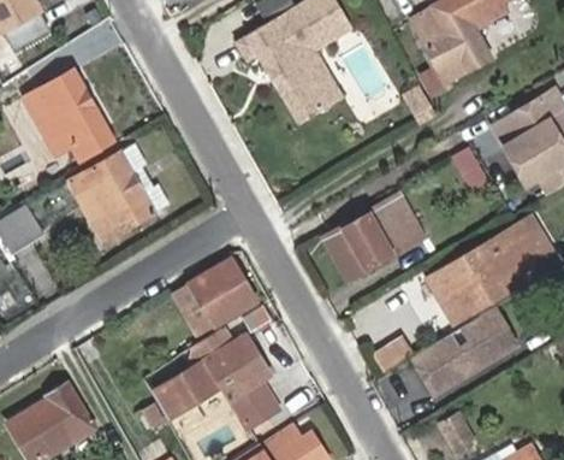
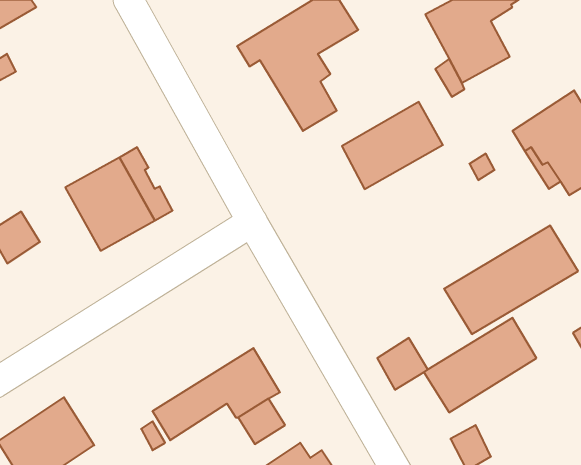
building: [12,69,113,173] -> none
building: [327,195,423,278] -> [342,102,443,189]
building: [188,255,257,326] -> none

